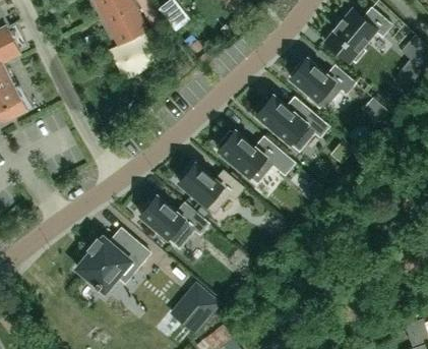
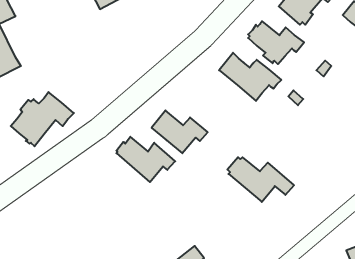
building: [218,131,295,183] -> [227,157,294,202]
building: [76,229,149,292] -> [11,92,74,146]
building: [177,285,219,327] -> none

